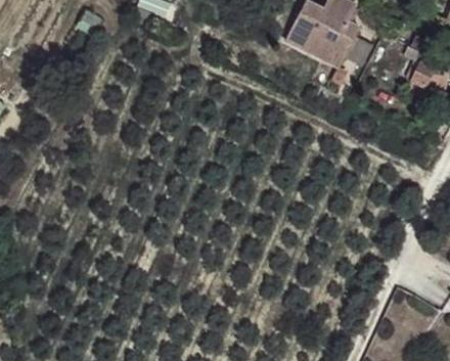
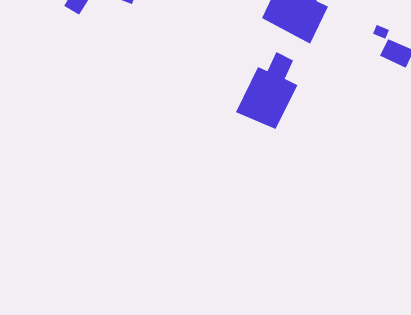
building: none -> [235,51,298,130]

